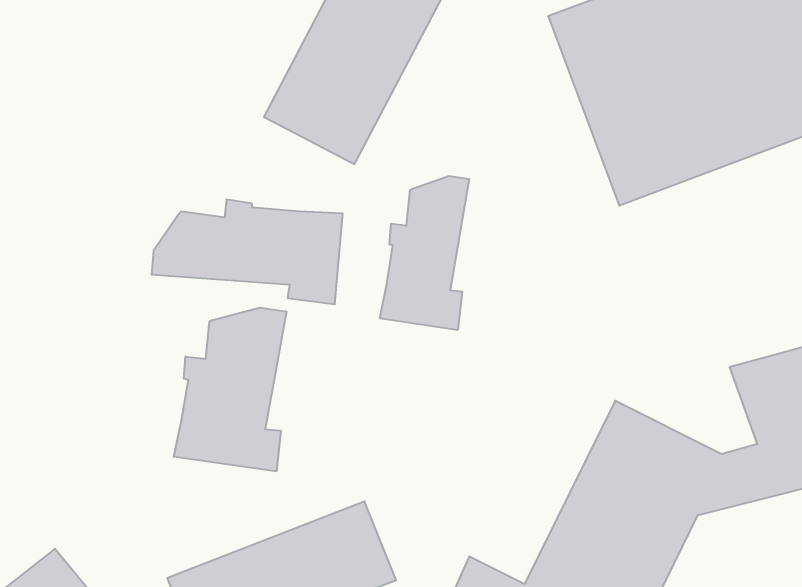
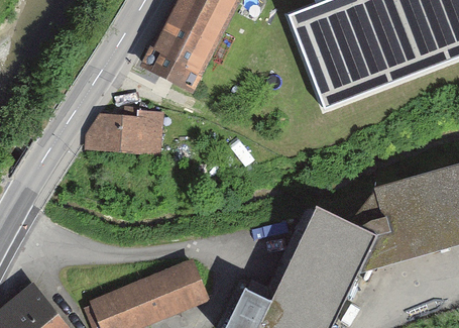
building: [380,176,469,330] -> none
building: [174,308,286,471] -> none

